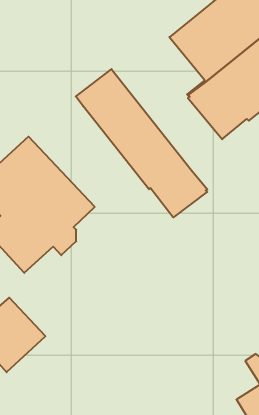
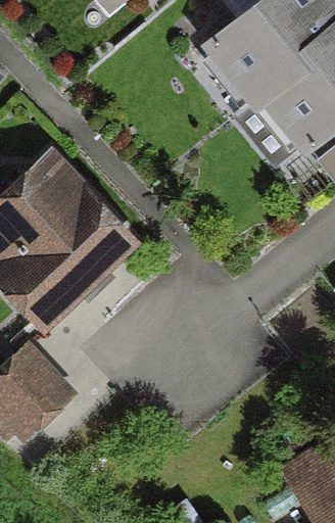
building: [76,69,207,217] -> none

